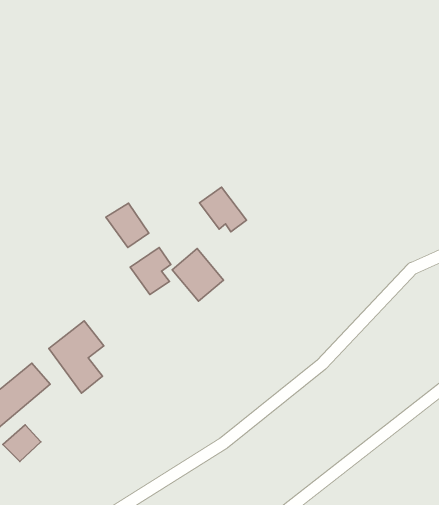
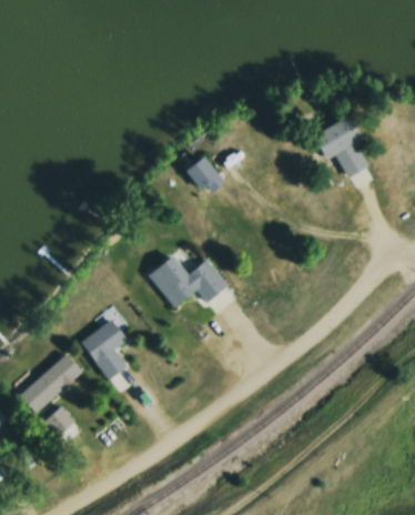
building: none -> [312,118,370,178]
building: [199,187,247,232] -> [184,156,224,194]
building: [106,203,149,248] -> none

